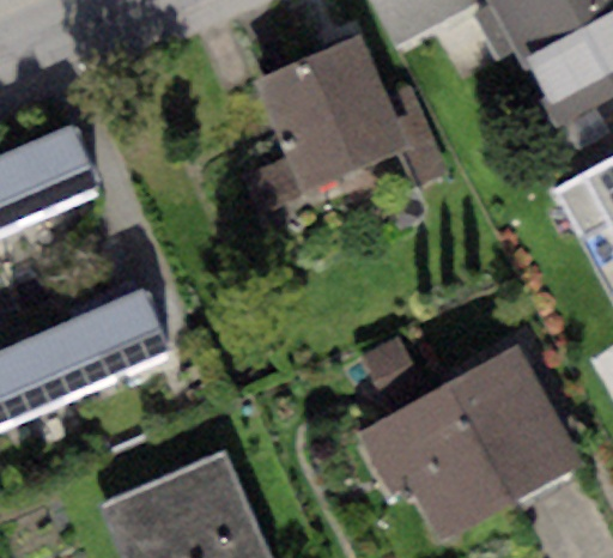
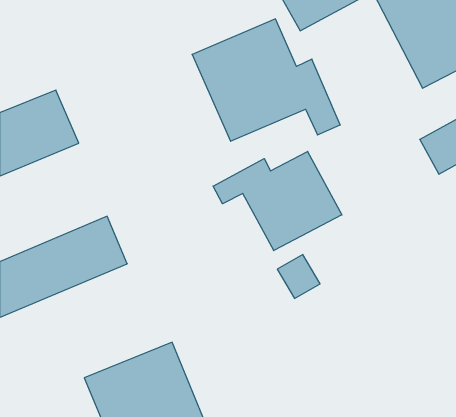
building: none -> [213,151,342,251]
building: [358,345,584,540] -> none

